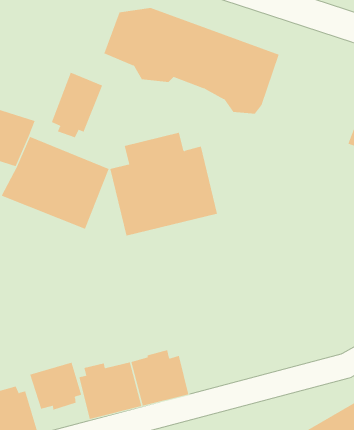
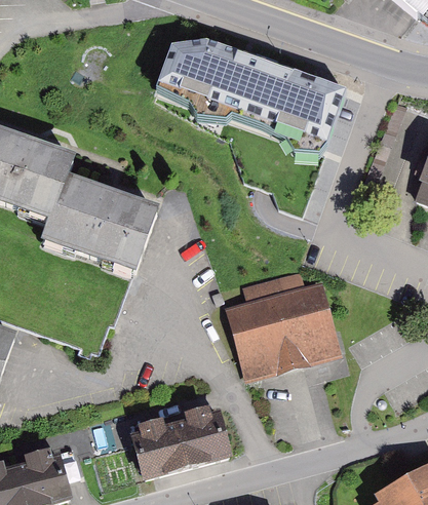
building: [51,72,103,138] -> none
building: [109,132,218,236] -> [225,261,341,372]
building: [29,362,82,411] -> none

